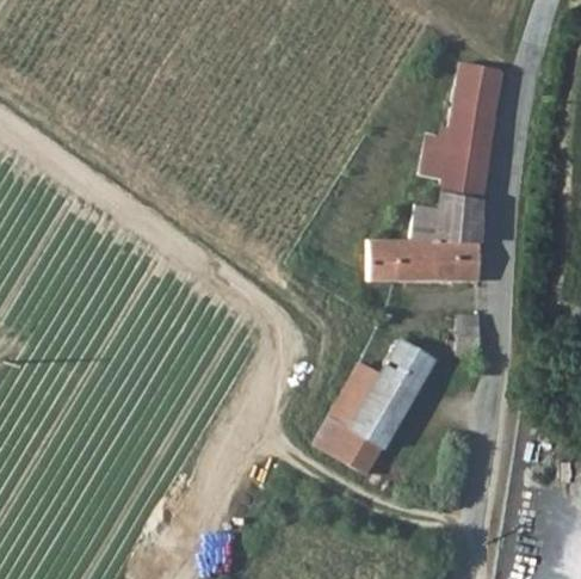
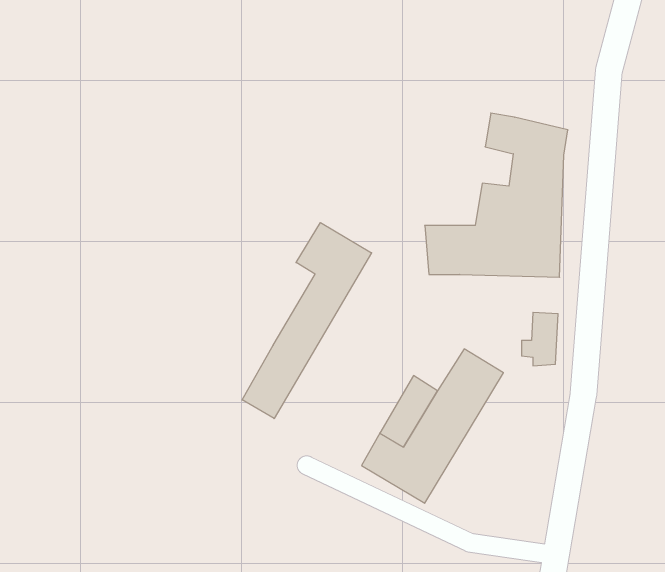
building: [444,63,505,156] -> none
building: none -> [242,223,372,419]

